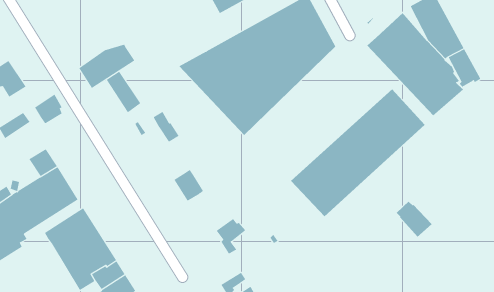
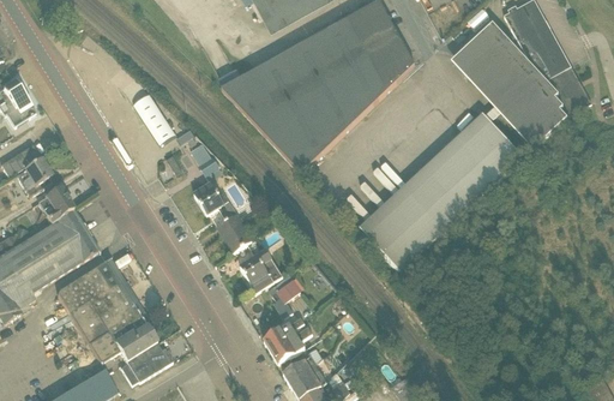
building: [78,44,135,89] -> none
building: [34,94,63,124] -> [14,157,49,194]
building: none -> [191,180,235,219]
building: none -> [237,235,279,291]
building: [396,201,432,238] -> none
building: none -> [261,316,311,354]

